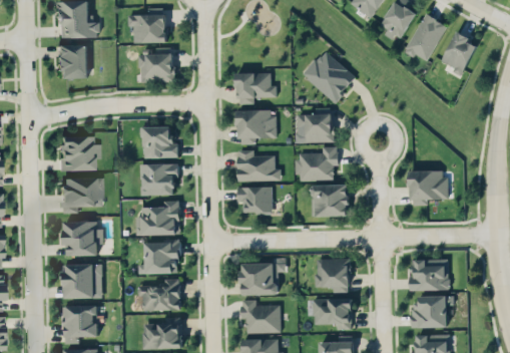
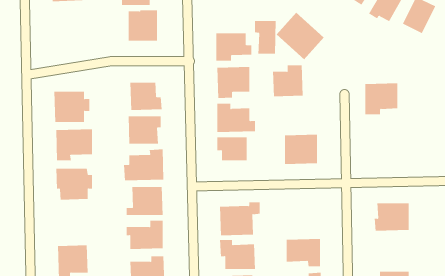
building: [57,44,87,78] -> none
building: none -> [255,20,276,54]
building: [297,145,338,181] -> none
building: [410,169,447,205] -> [364,83,398,115]
building: [316,258,349,292] -> none
building: [63,264,102,298] -> none
building: [411,295,454,327] -> none

